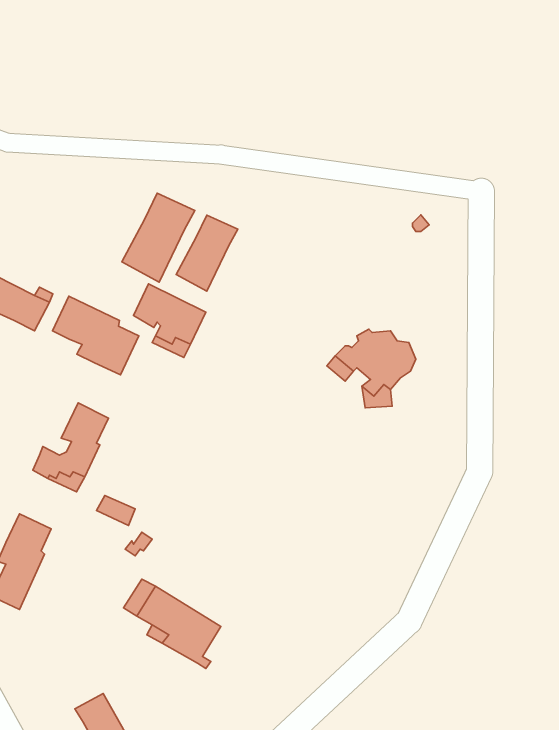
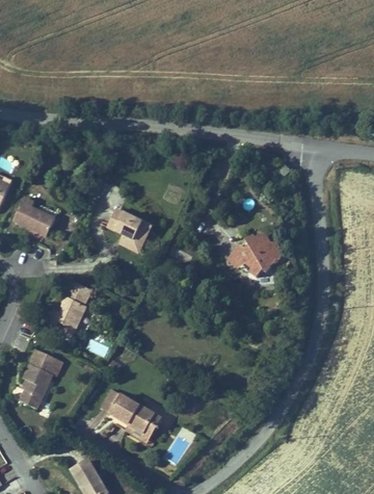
building: [122,193,195,282] -> none
building: [176,215,238,291] -> none
building: [52,296,139,375] -> none

